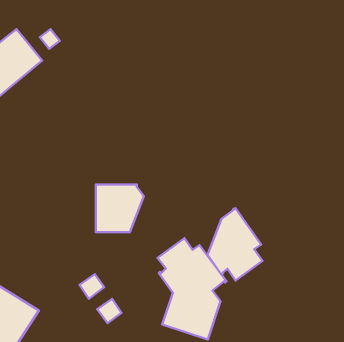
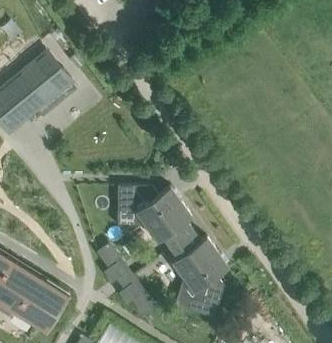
building: [208,208,262,281] -> [147,187,194,249]

